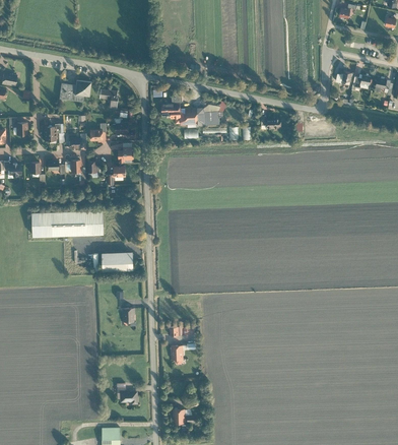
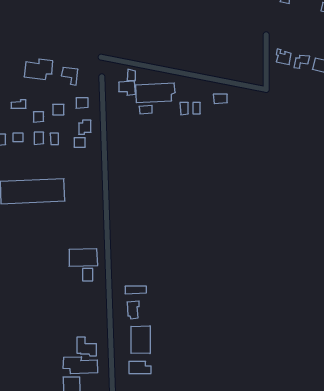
building: [103,251,134,270] -> [69,249,98,266]
building: none -> [131,326,150,354]
building: none -> [63,357,98,374]

